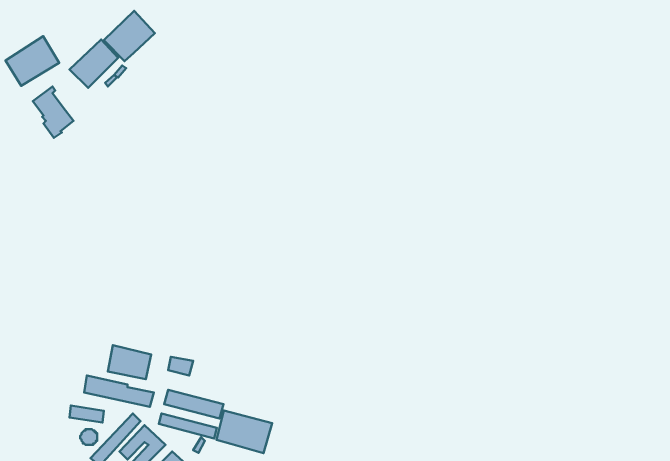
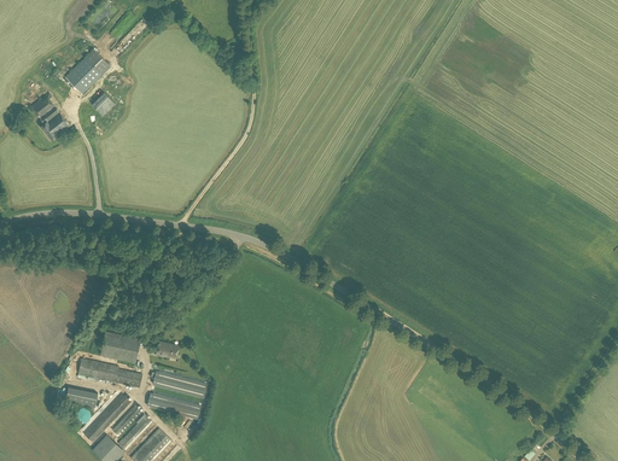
building: [104,11,155,61] -> none
building: [6,36,59,86] -> none
building: [217,410,272,453] -> none

